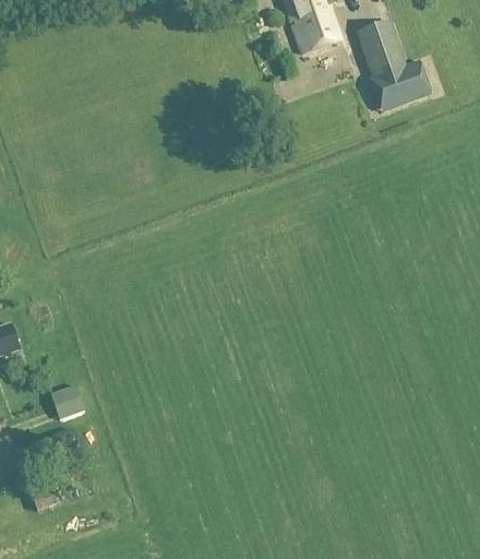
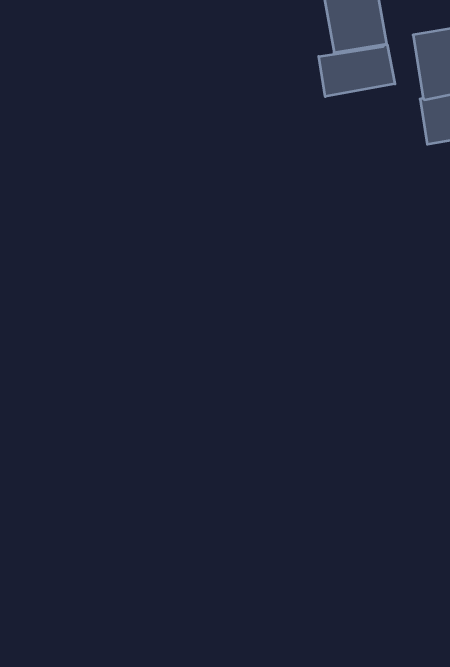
building: none -> [319,45,395,97]

